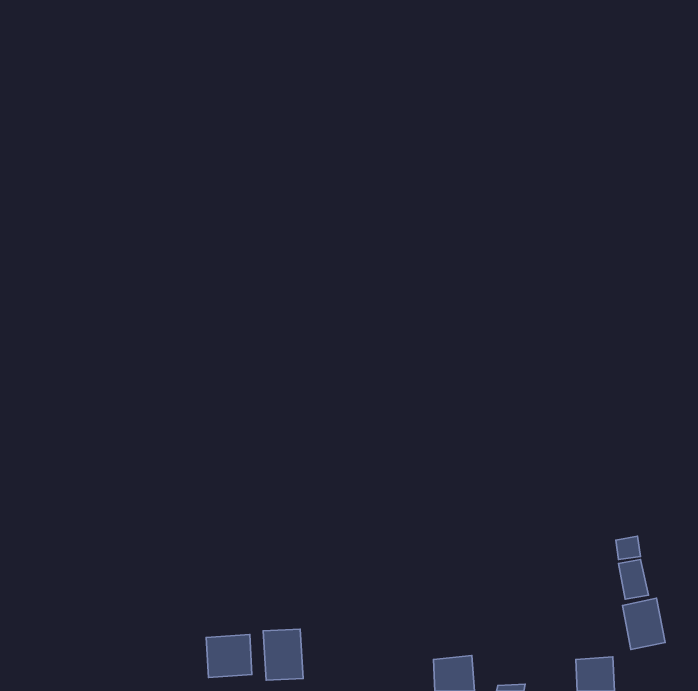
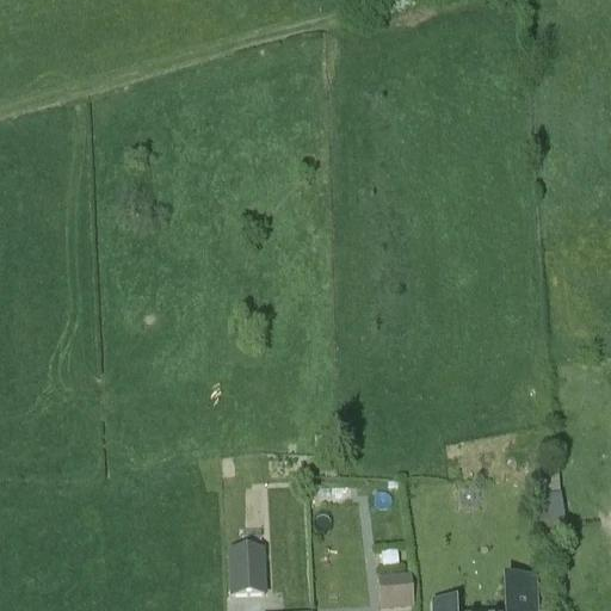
building: [622,598,665,650] -> none
building: [206,634,252,677] -> none

